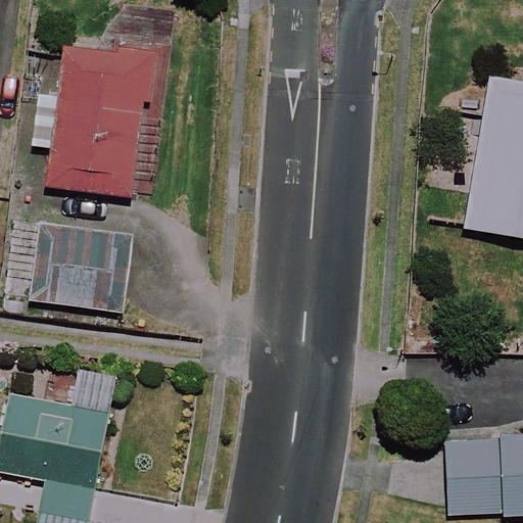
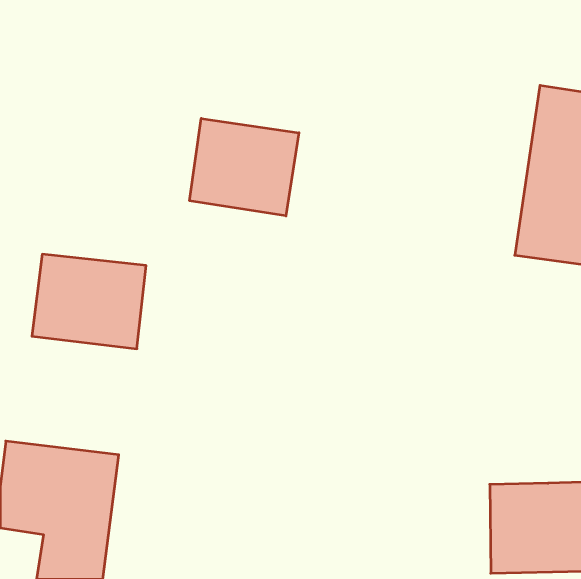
building: [46,45,151,197] -> none
building: none -> [190,118,299,216]

